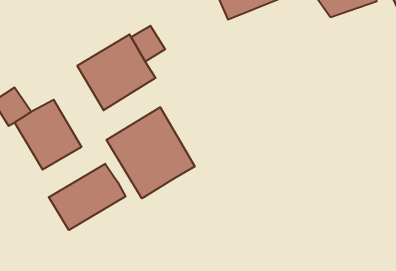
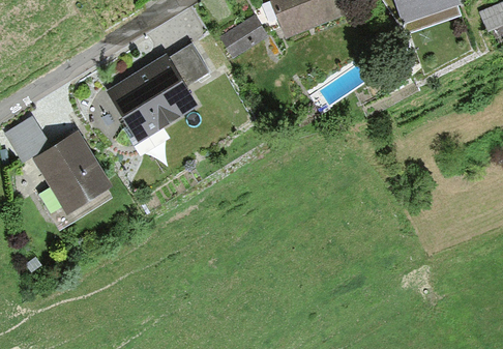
building: none -> [219,17,266,57]
building: [107,107,195,198] -> none
building: [49,164,125,230] -> none

